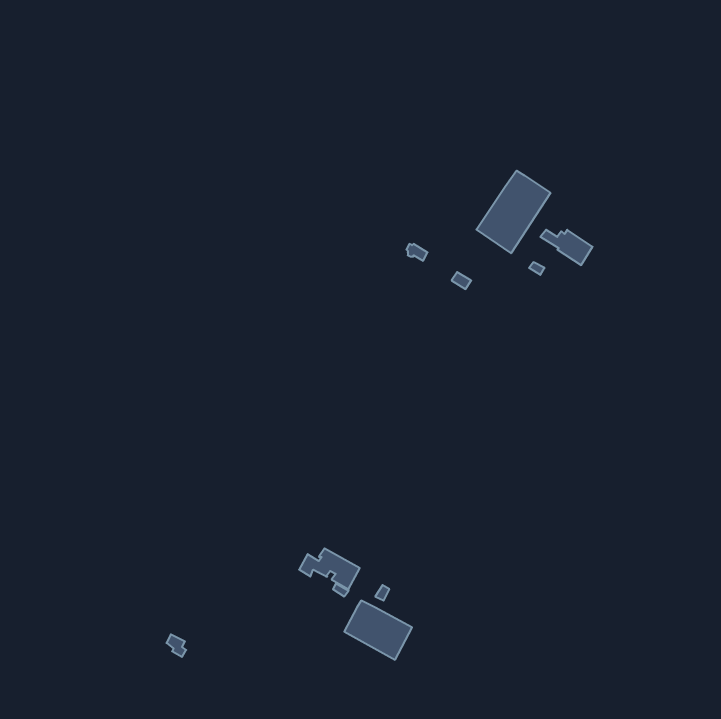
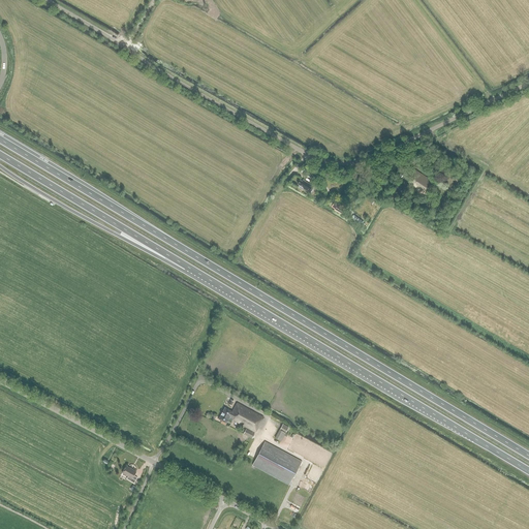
building: [476,171,550,253] -> none

